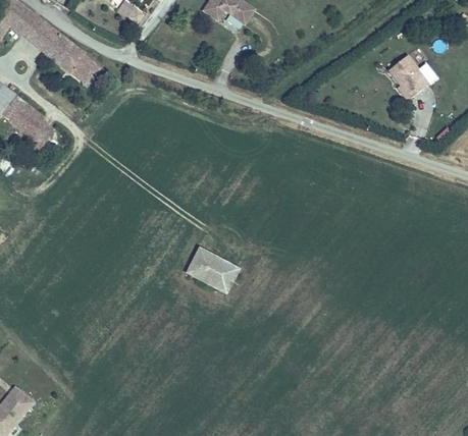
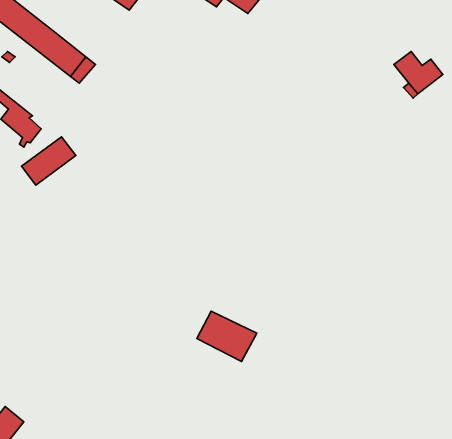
building: none -> [21,137,76,185]
building: [183,244,239,291] -> [197,311,257,361]

